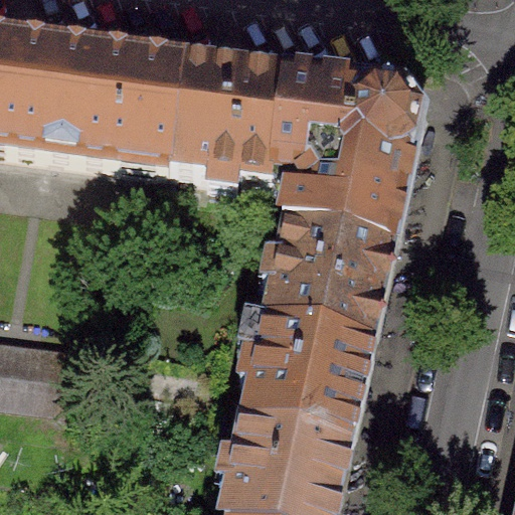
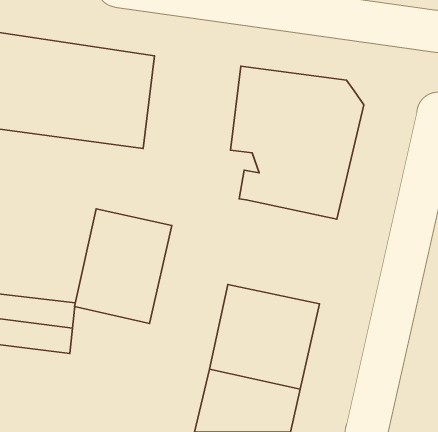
building: [165,64,278,183] -> none
building: [263,230,388,350] -> none
building: none -> [75,209,172,324]

